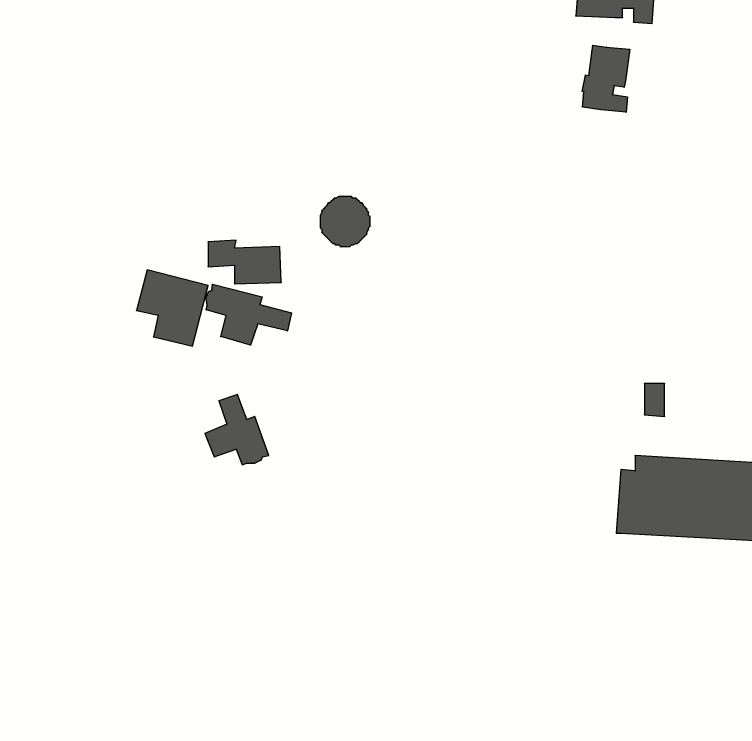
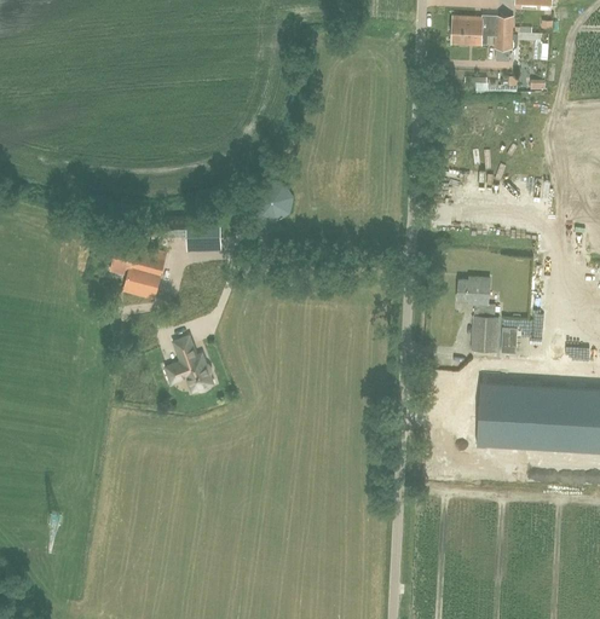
building: [582,45,630,112] -> none
building: [206,284,291,345] -> none
building: none -> [457,278,498,352]

